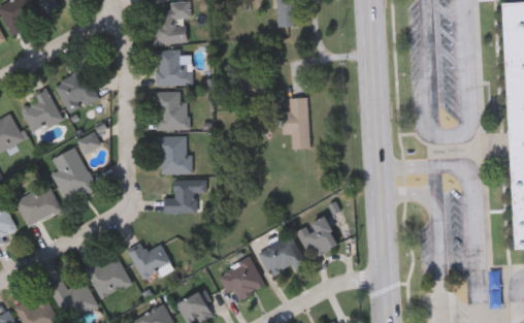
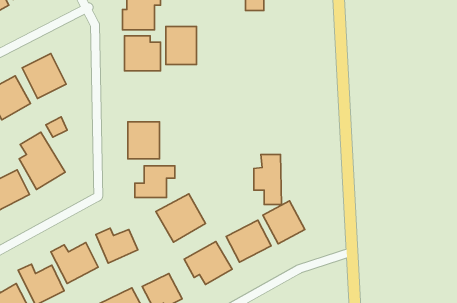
building: [157,92,188,130] -> [166,27,197,64]
building: [284,97,312,148] -> [254,154,281,204]
building: none -> [156,194,206,242]

